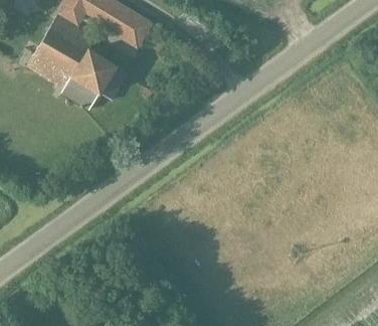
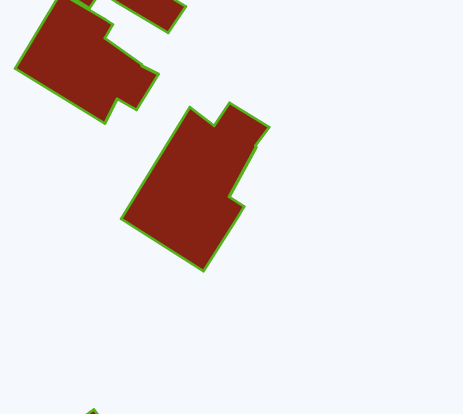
building: none -> [121,103,269,271]

